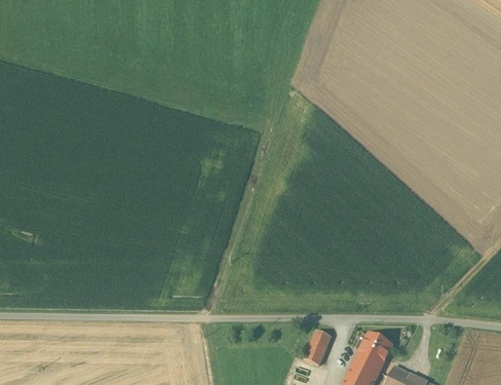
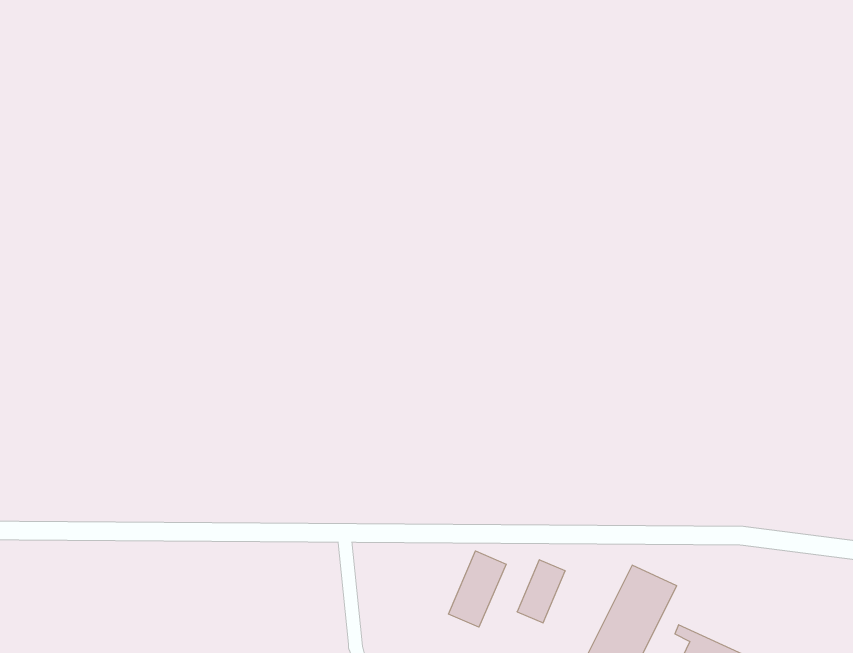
building: none -> [448,551,506,627]

